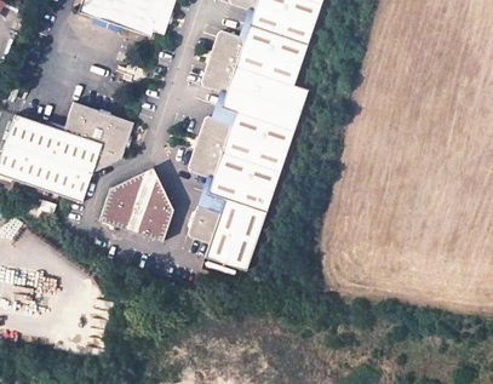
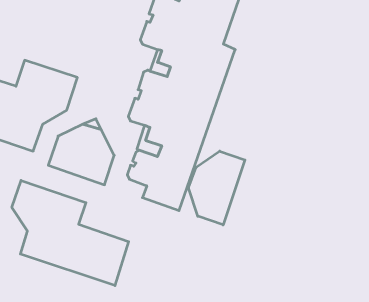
building: none -> [189,151,245,225]
building: none -> [12,180,129,286]

